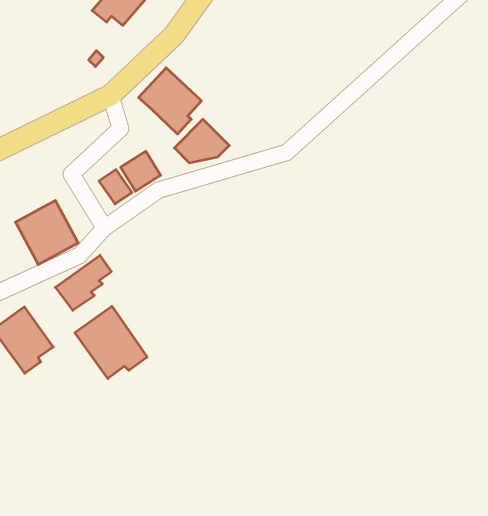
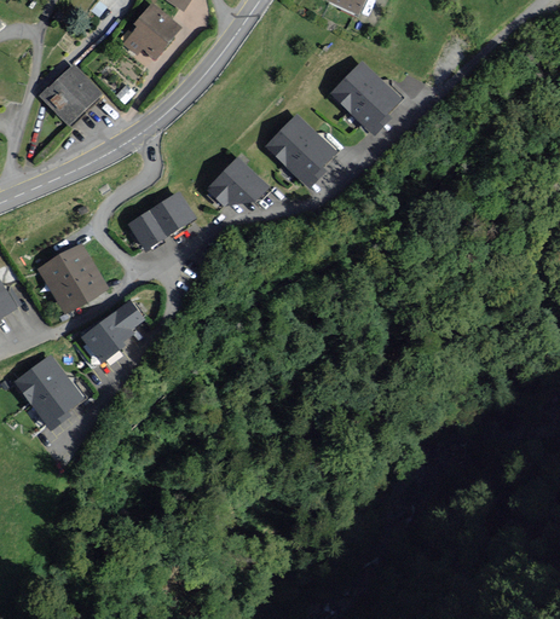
building: none -> [39,64,99,126]
building: none -> [334,64,398,133]
building: [139,68,201,134] -> [267,116,334,186]
building: [75,306,147,379] -> none

